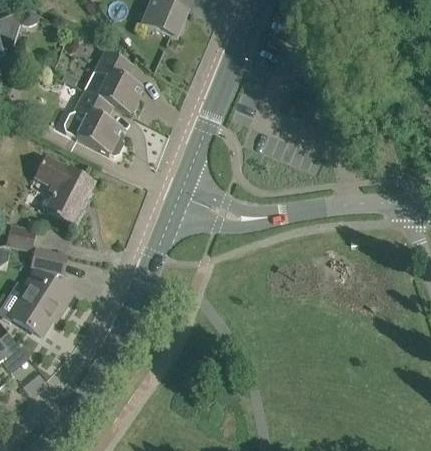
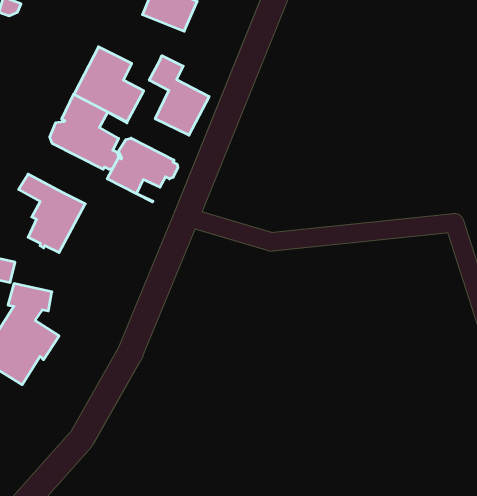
building: none -> [149,56,209,135]
building: none -> [107,138,178,202]

